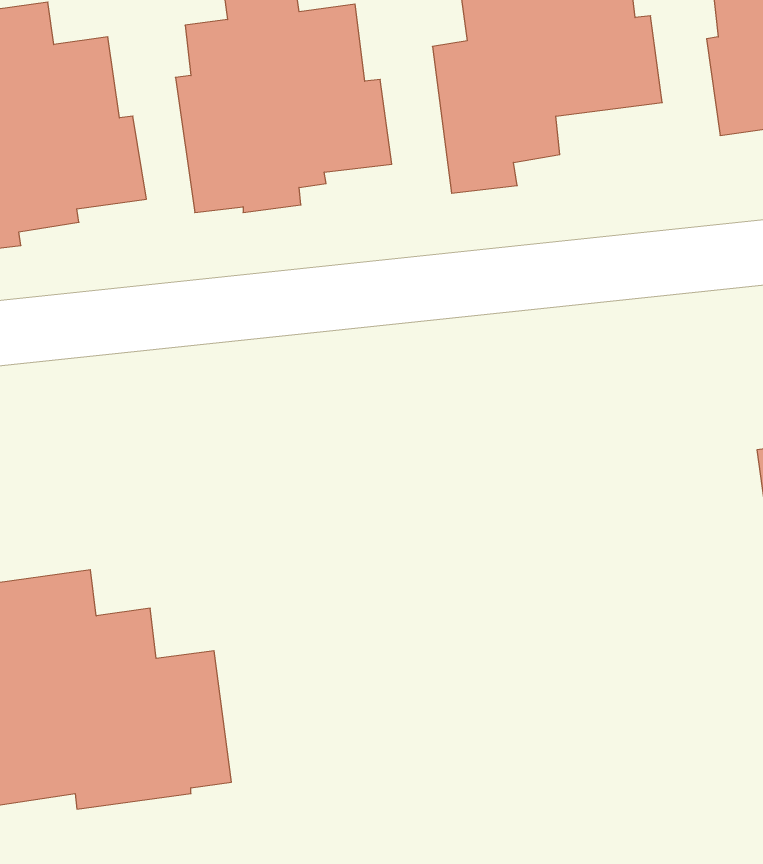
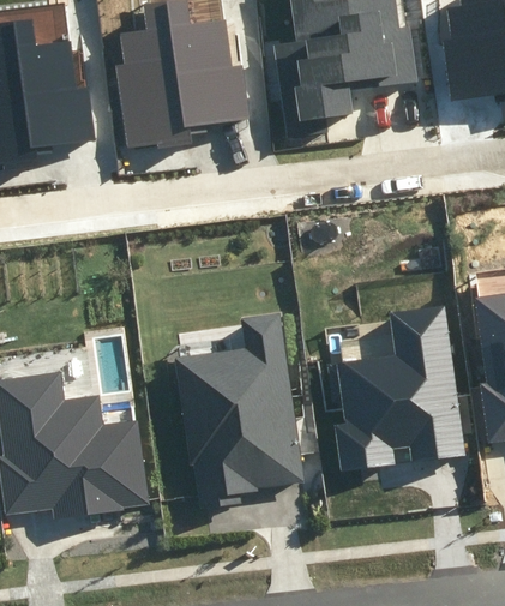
building: none -> [333,305,465,469]
building: none -> [175,312,305,506]

